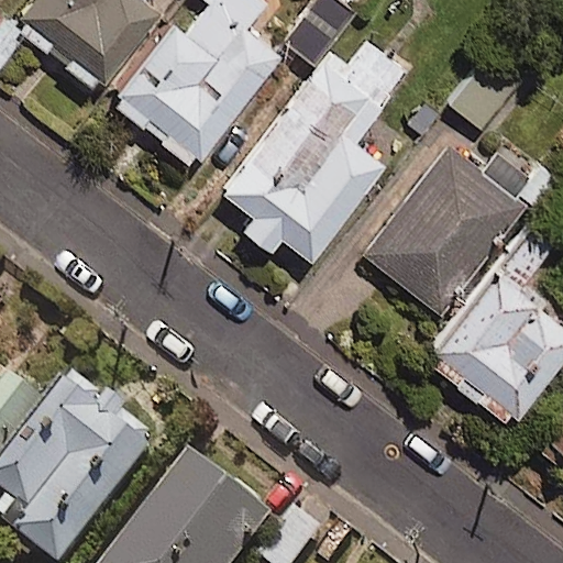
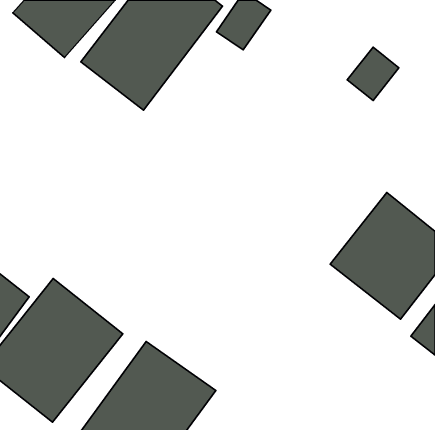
building: [229,59,393,256] -> none
building: [368,137,523,301] -> none

